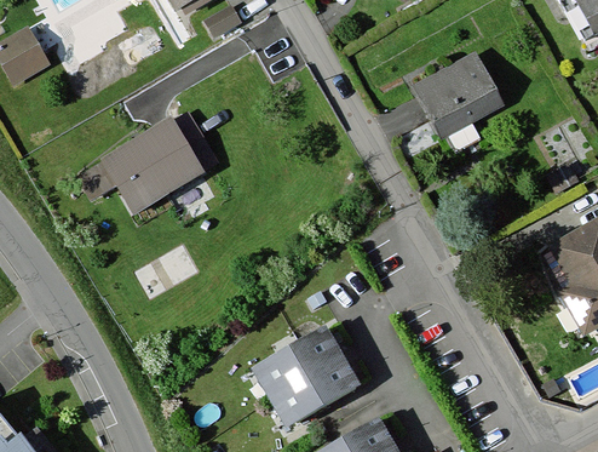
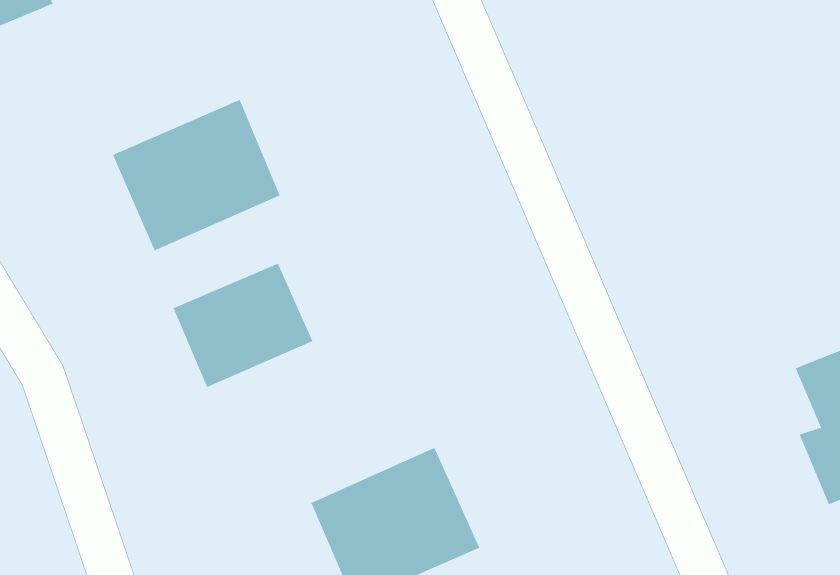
building: [413,52,505,139] -> none
building: none -> [173,263,313,388]

